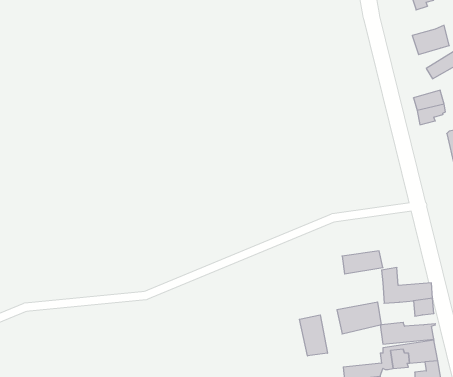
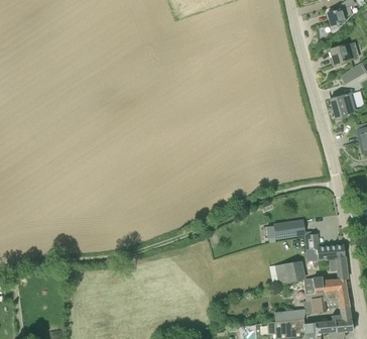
building: [299,315,327,356] -> none

